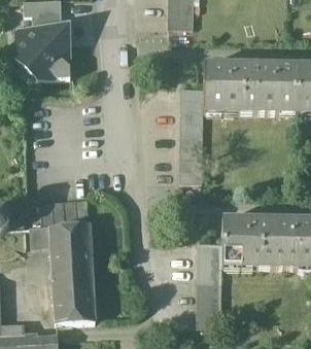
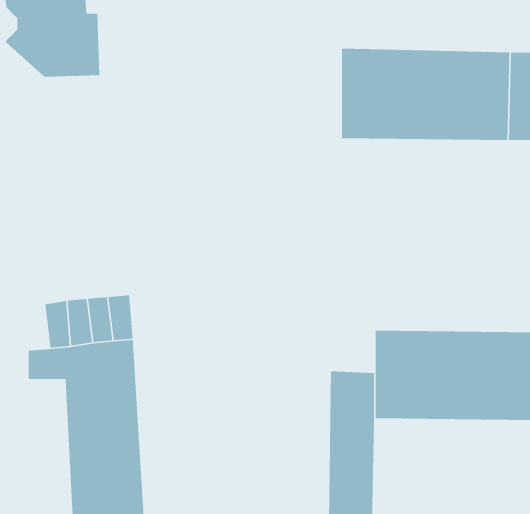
building: [178,84,204,180] -> none

